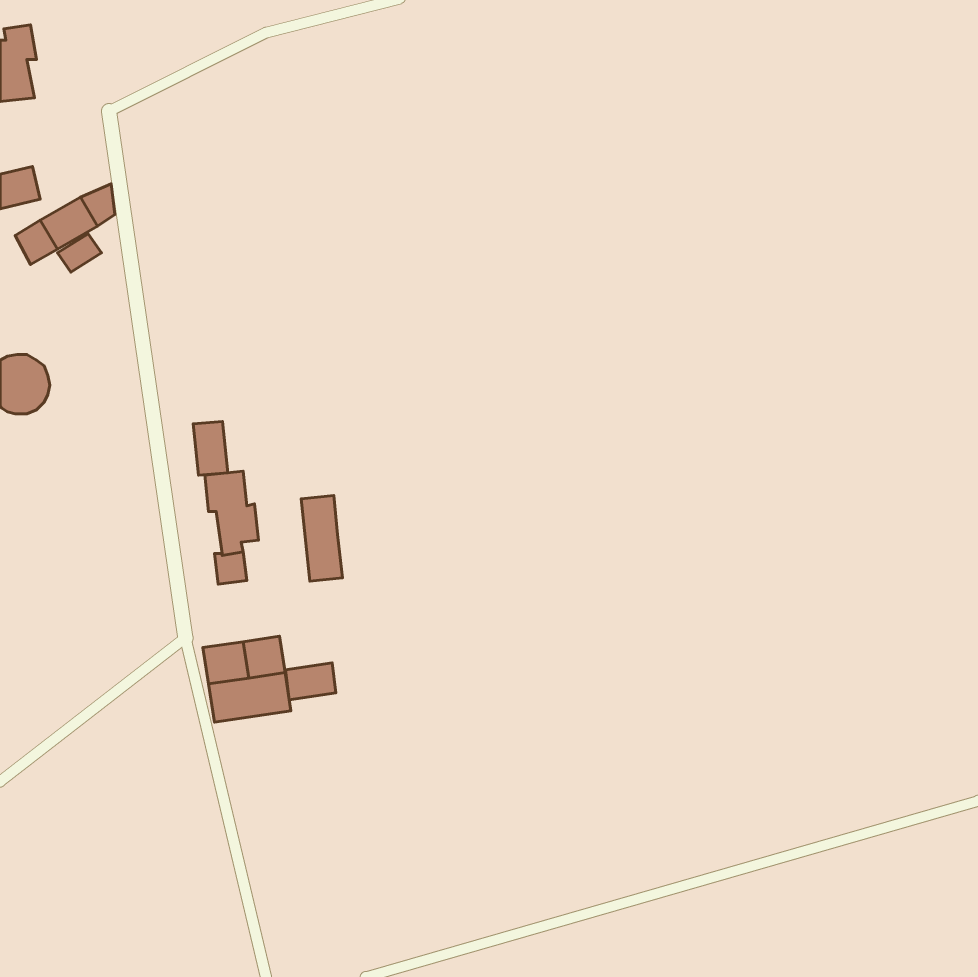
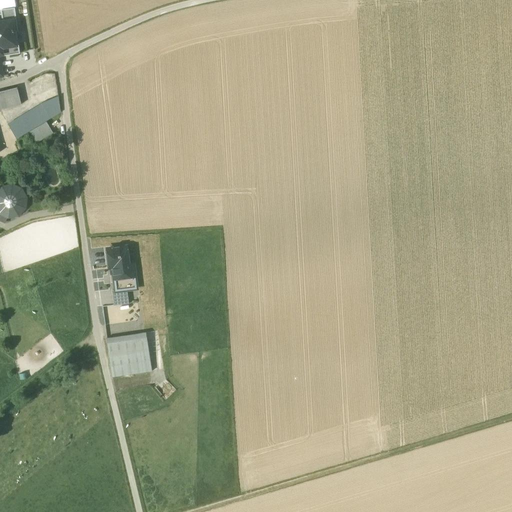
building: [193,422,228,475] -> none
building: [301,496,342,581] -> none
building: [286,663,336,700] -> none

